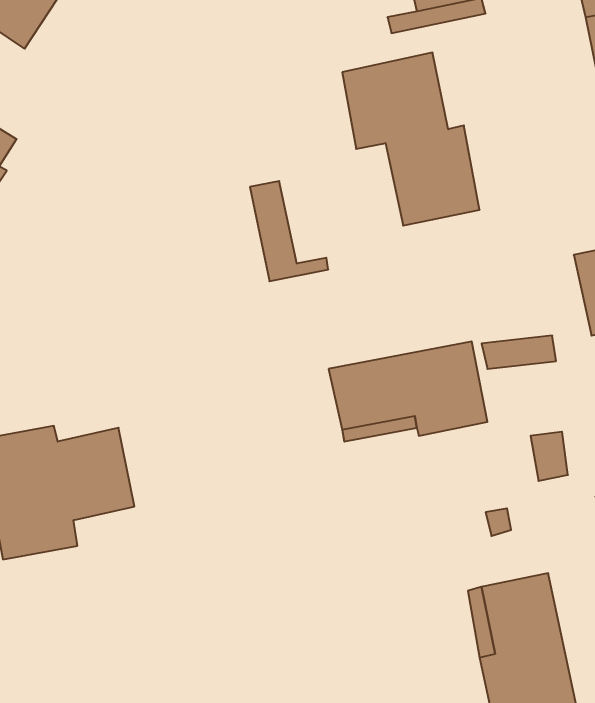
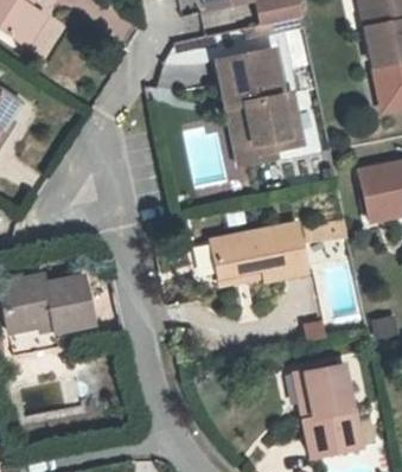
building: [250,181,328,281] -> [226,103,274,164]

